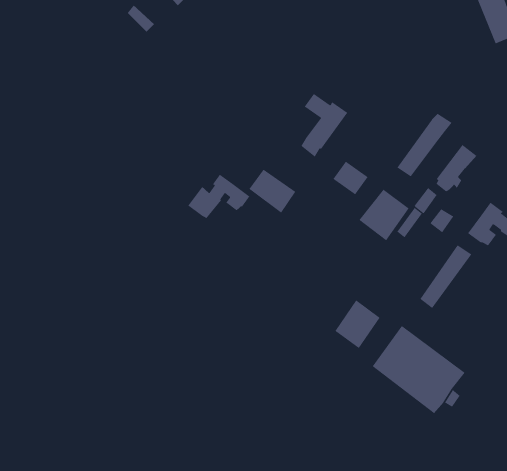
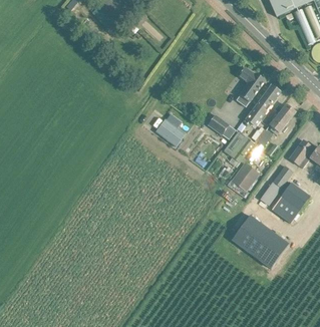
building: [300,93,348,157] -> [237,66,266,105]
building: [188,174,250,219] -> none
building: none -> [272,180,310,222]
building: [334,300,380,349] -> [232,160,260,191]

